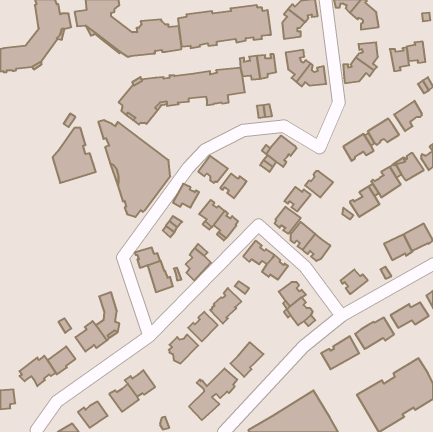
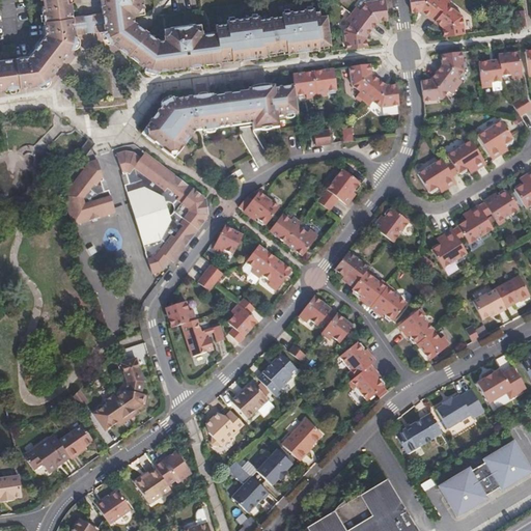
building: [284,187,311,211] -> [286,225,318,255]
building: none -> [400,312,434,345]

